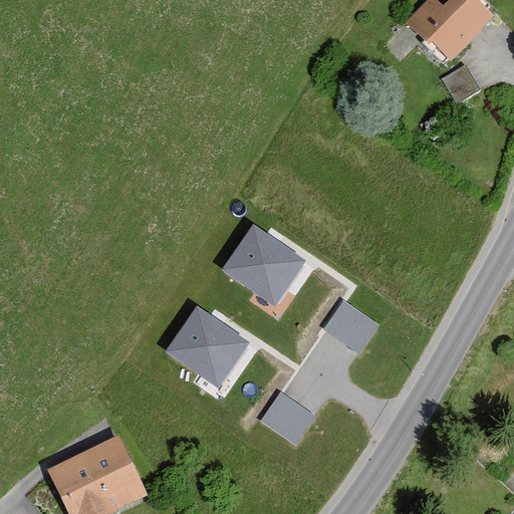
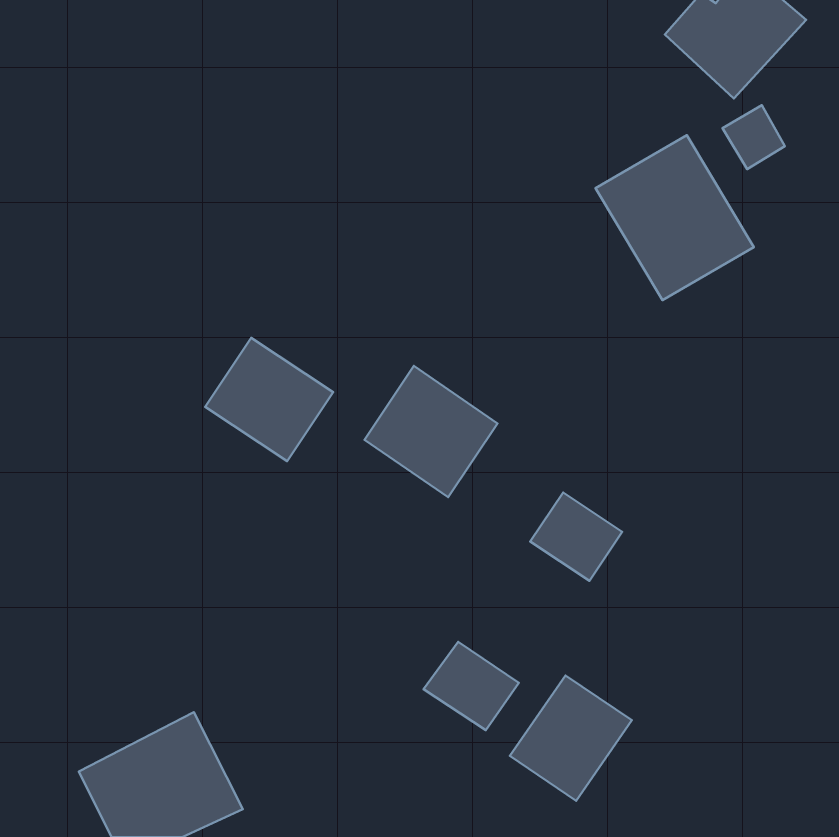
building: none -> [595,135,754,300]
building: [169,308,247,383] -> [205,338,333,461]
building: none -> [510,675,632,801]

